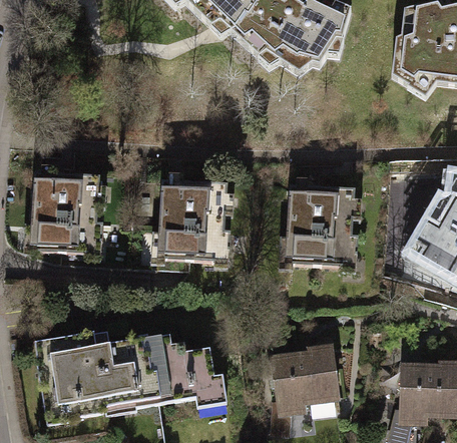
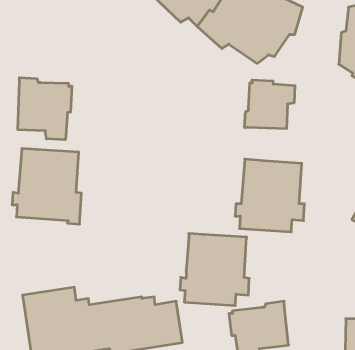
building: none -> [18,78,72,140]
building: none -> [245,80,295,129]
building: [150,177,230,260] -> [180,234,249,306]

